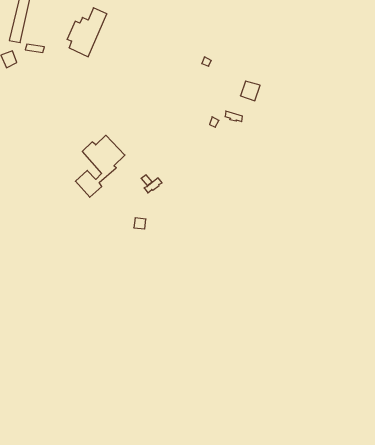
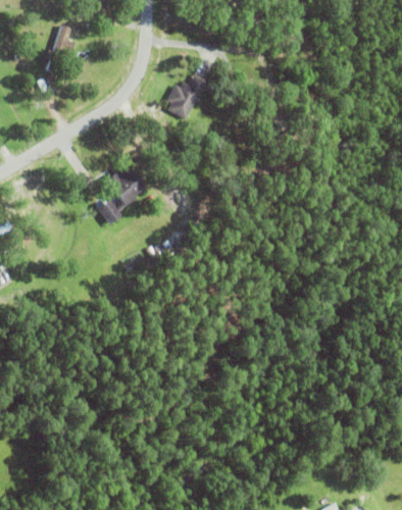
building: [67,8,107,57] -> [167,74,207,120]

